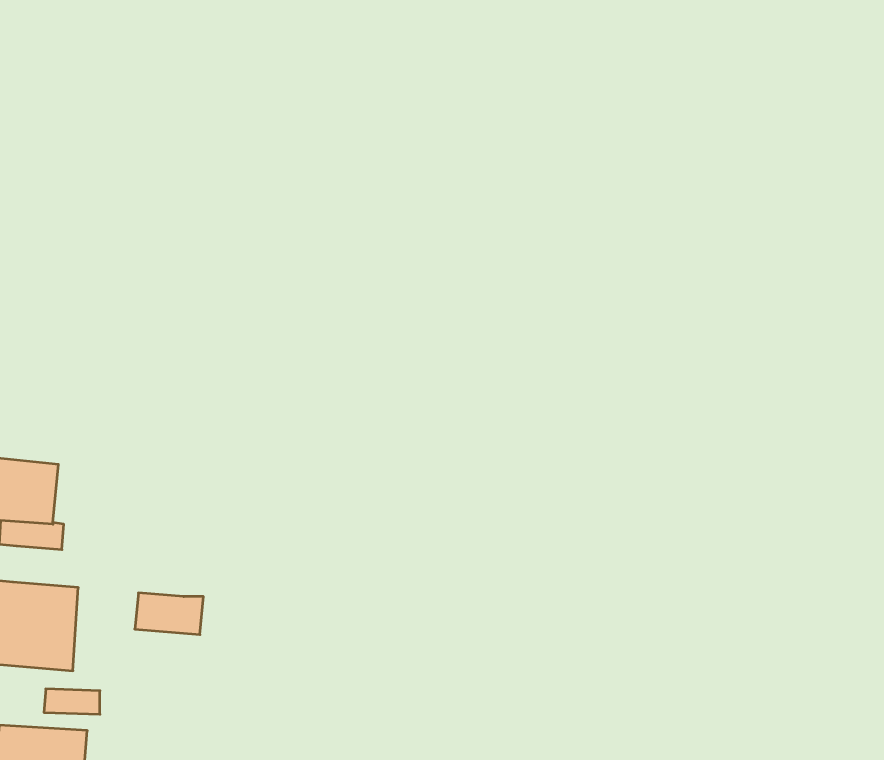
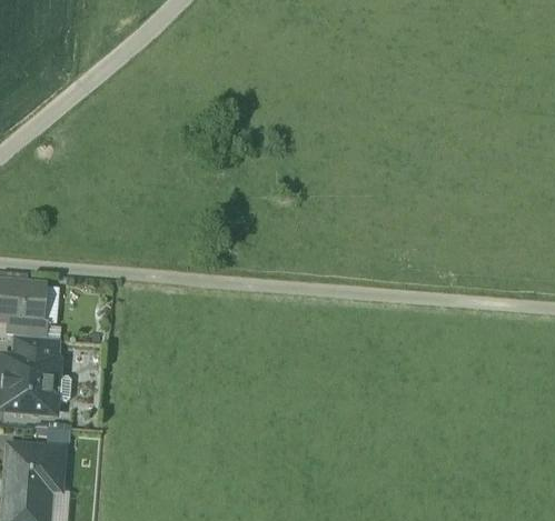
building: [135,593,203,635] -> [17,337,59,362]

